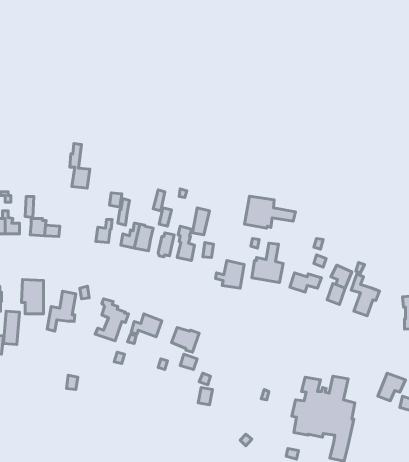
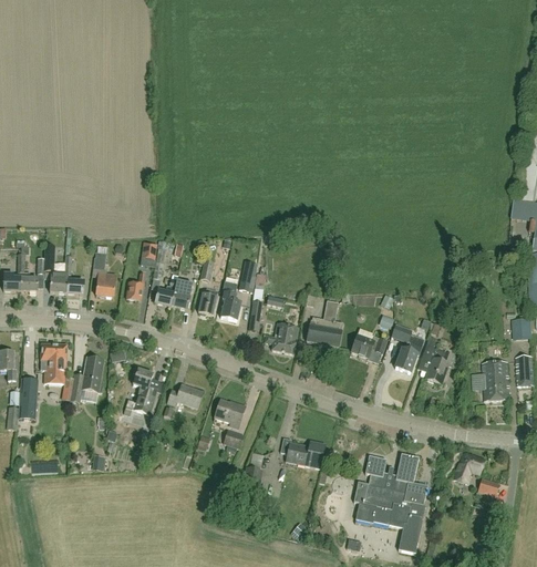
building: [70,143,90,188] -> [93,245,116,297]
building: [245,196,296,228] -> none
building: none -> [280,439,324,466]

